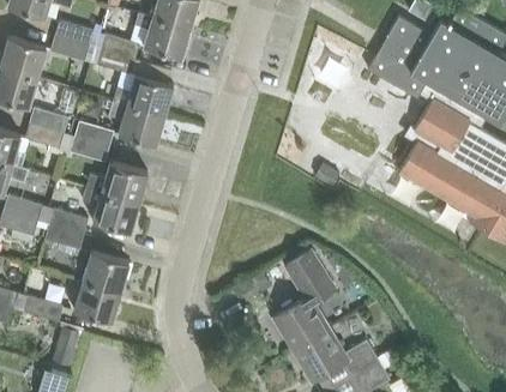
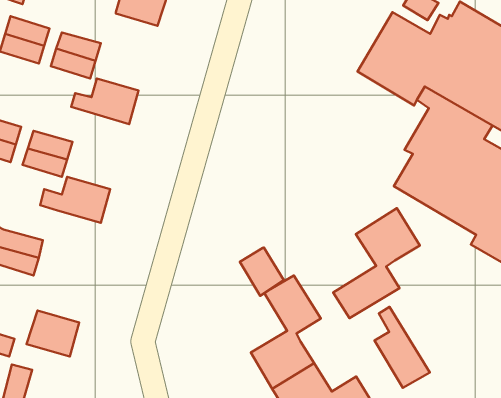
building: [134,13,189,59] -> none
building: [109,101,164,145] -> none
building: [82,188,139,233] -> none
building: none -> [333,208,420,318]
building: none -> [240,248,284,296]
building: [83,252,128,293] -> none
building: none -> [374,307,430,388]

